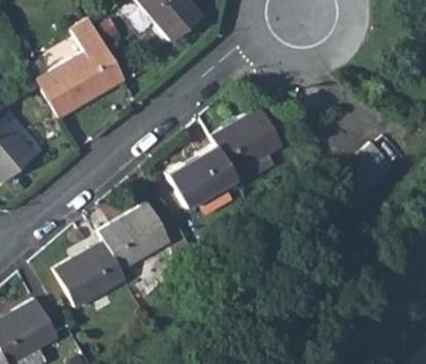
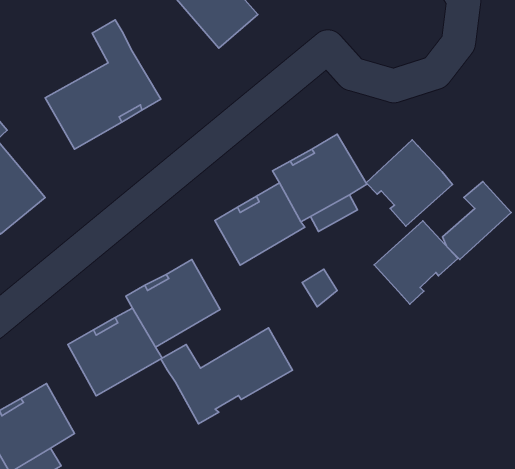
building: none -> [366,140,453,226]
building: none -> [374,221,458,304]
building: none -> [161,328,292,424]

